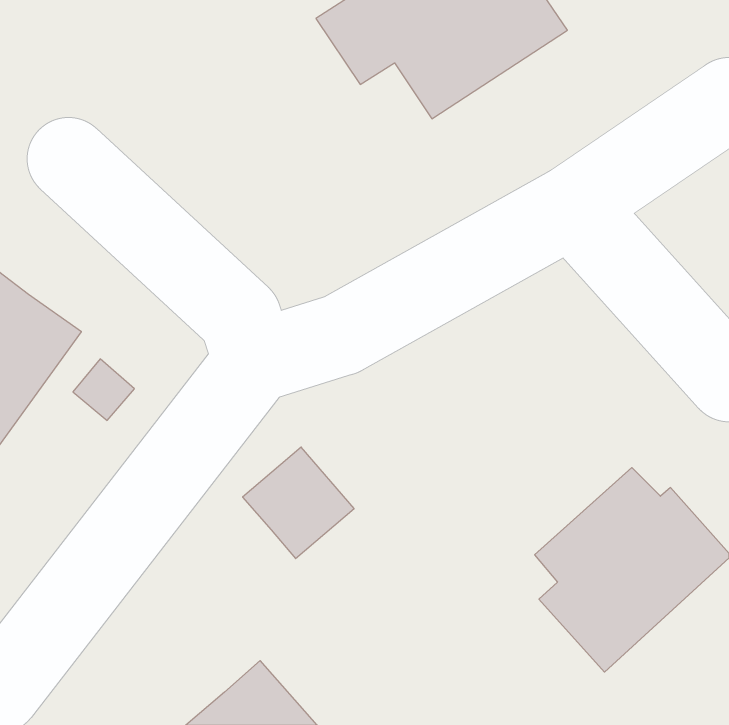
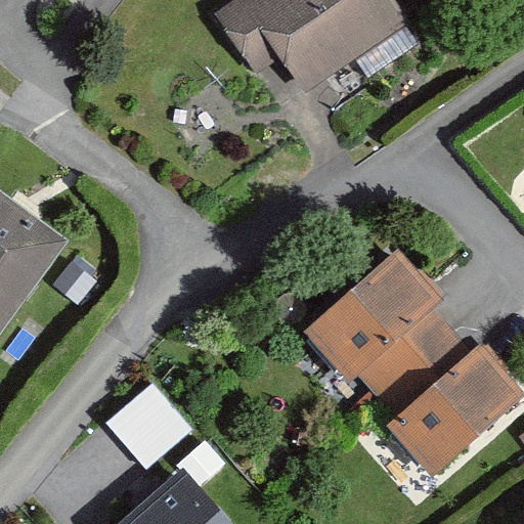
building: none -> [310,255,452,397]
building: [243,447,354,559] -> [107,384,187,464]

